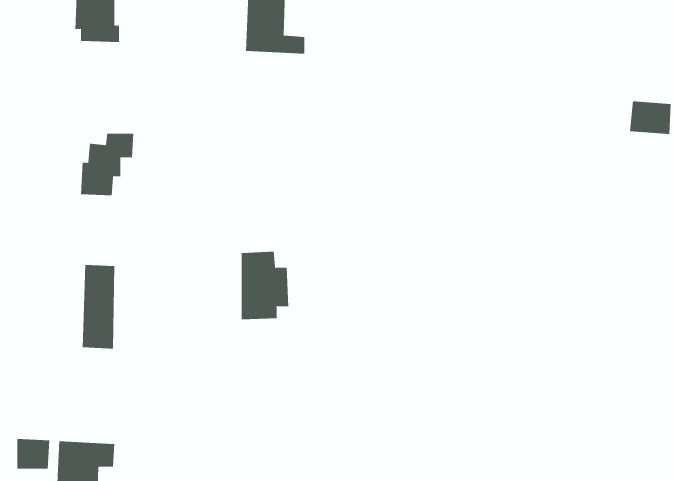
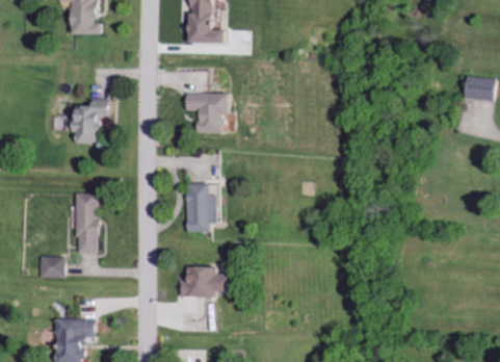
building: none -> [186,92,234,132]
building: none -> [178,266,234,296]
building: [17,439,50,469] -> [37,256,61,278]

